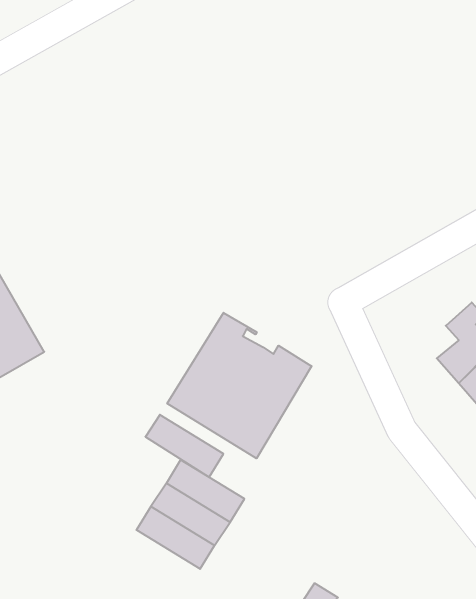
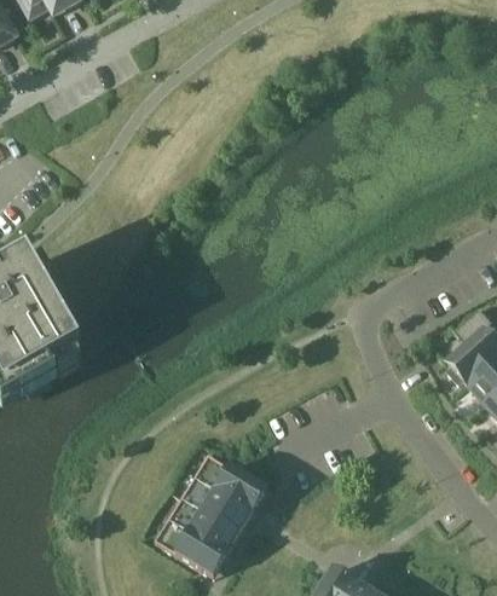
building: [167,313,312,458] -> none
building: [145,415,223,477] -> [155,517,227,575]

